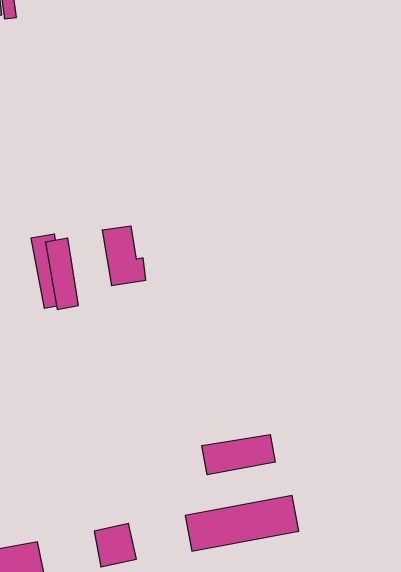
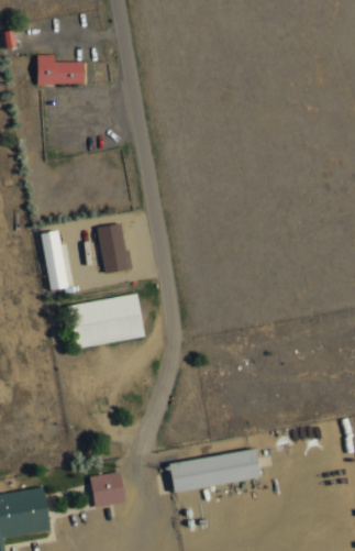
building: none -> [36,55,84,86]
building: none -> [69,293,144,350]
building: [202,435,275,475] -> none

